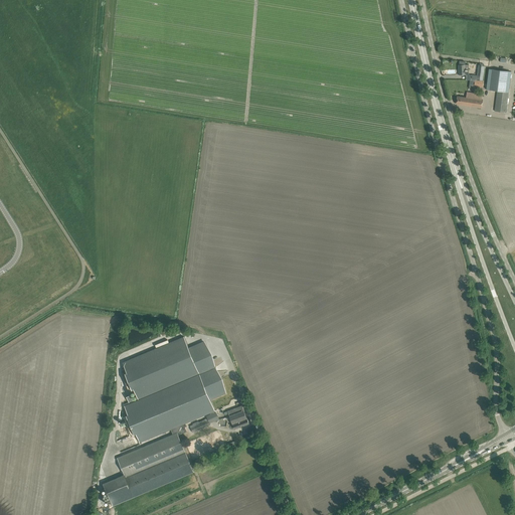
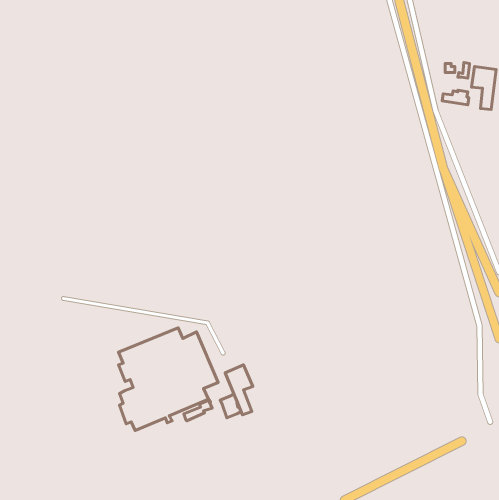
building: none -> [225,365,253,415]
building: [102,433,193,506] -> none

